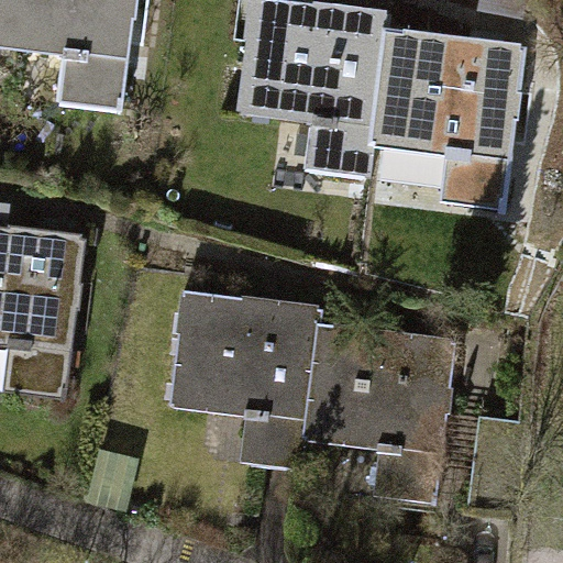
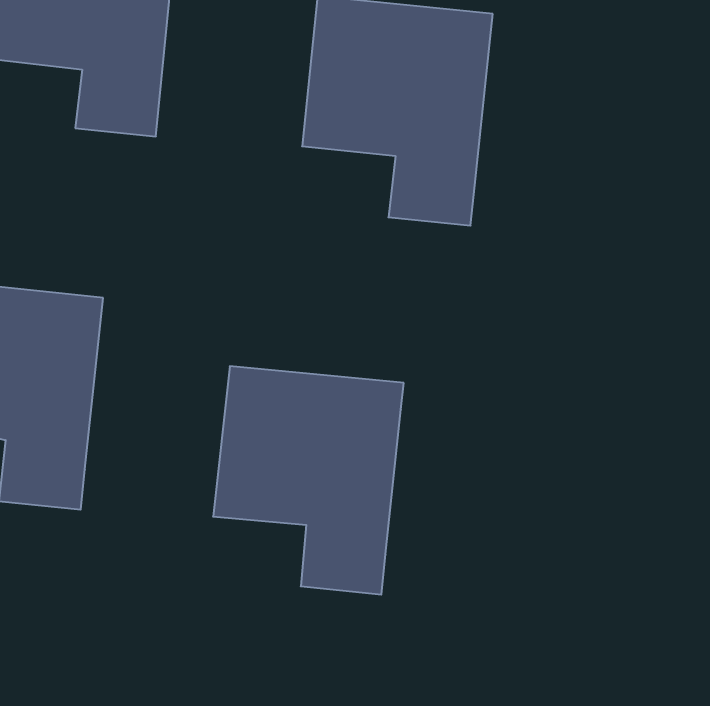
building: [375,31,523,207] -> none
building: [305,323,453,499] -> none

